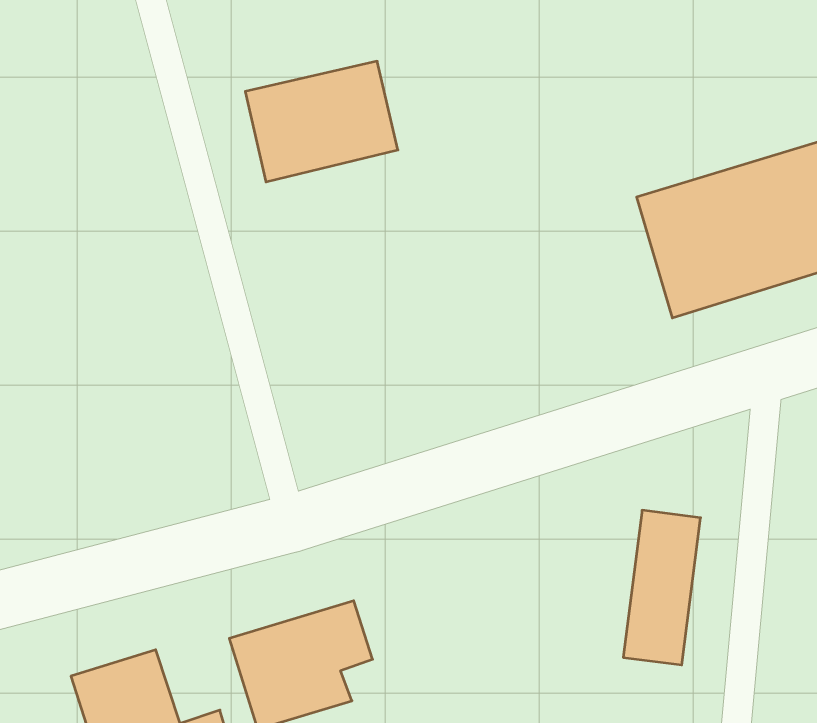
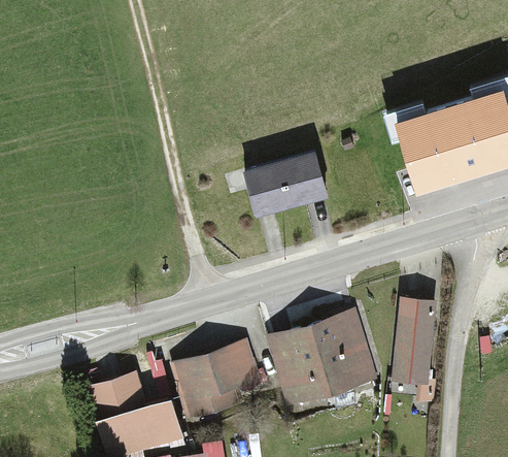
building: [245,61,398,182] -> [238,146,321,213]
building: none -> [272,315,369,400]

